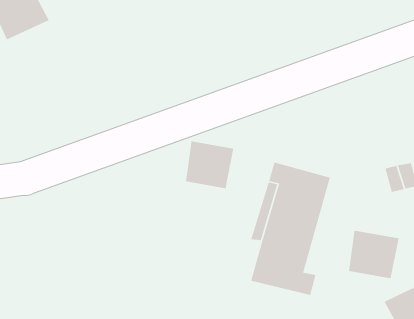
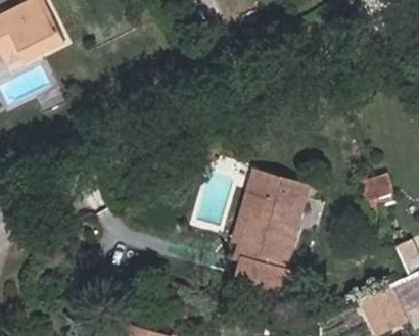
building: [185,140,234,189] -> none
building: [348,230,400,279] -> none

